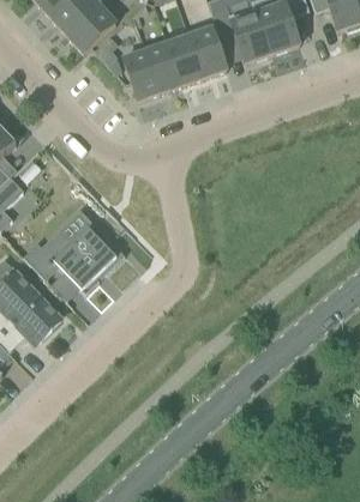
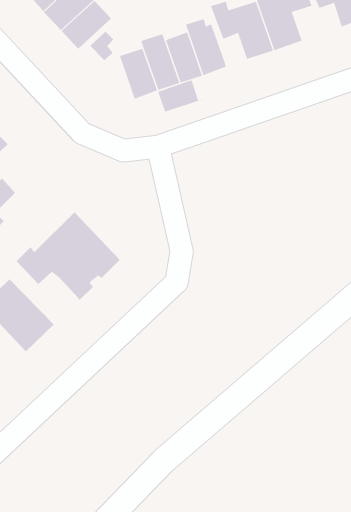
building: none -> [157,78,204,113]

